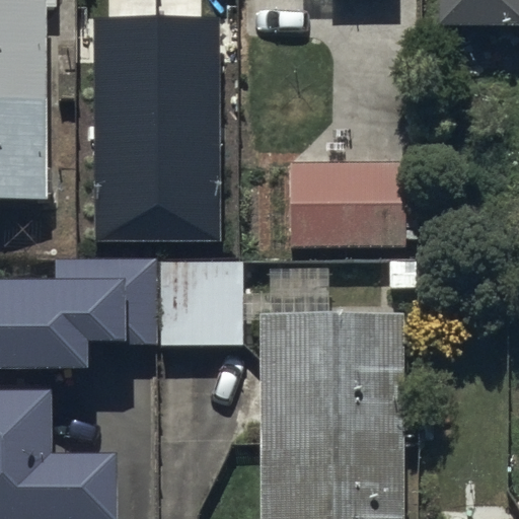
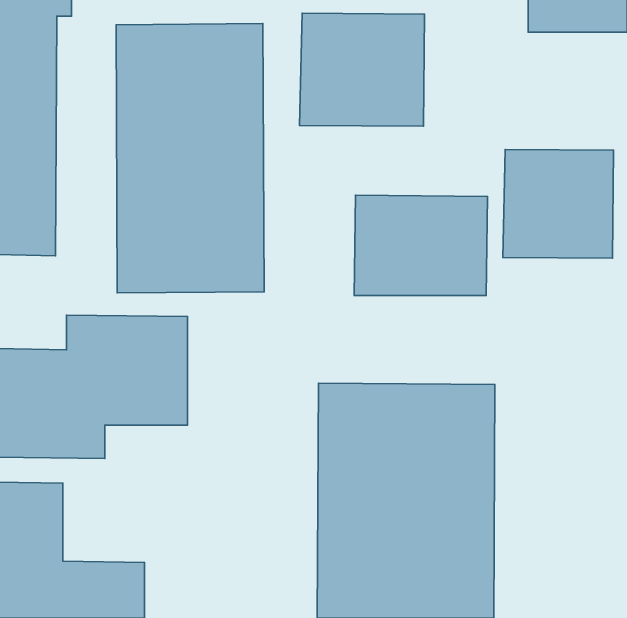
building: none -> [300,13,424,126]
building: none -> [503,150,614,258]
building: [164,261,239,340] -> none

